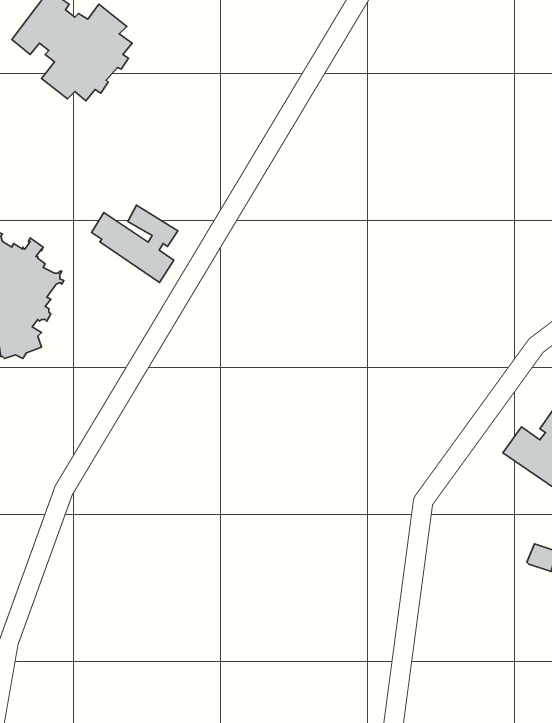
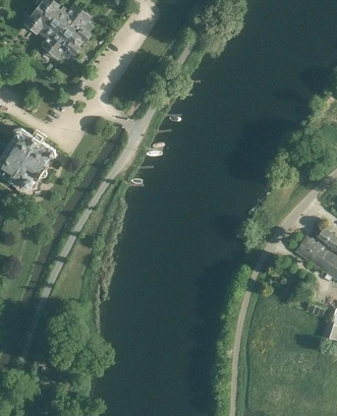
building: [91,205,178,282] -> none

